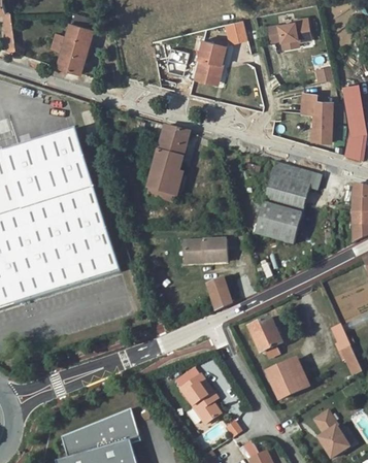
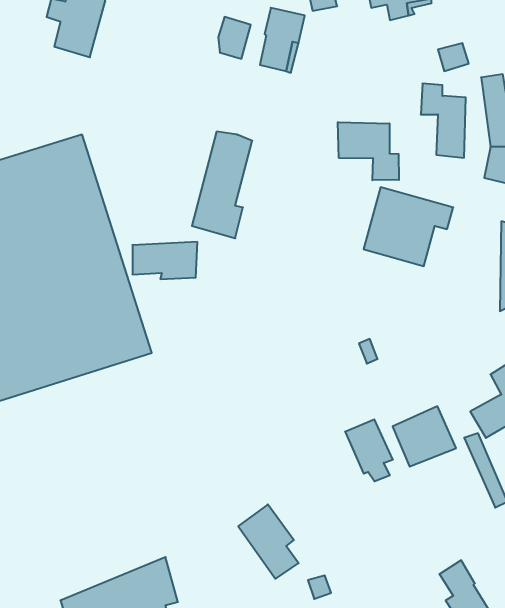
building: none -> [338,122,399,180]
building: [255,202,303,244] -> none
building: [182,237,226,262] -> [132,242,197,279]
building: [207,275,231,308] -> none
building: [266,358,308,398] -> [393,406,456,467]

